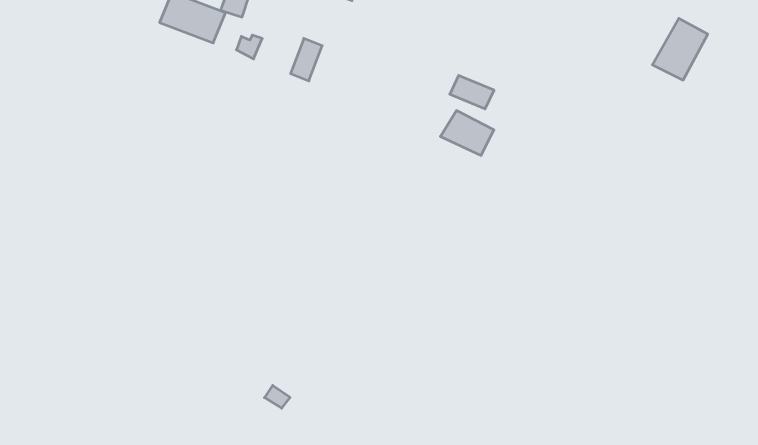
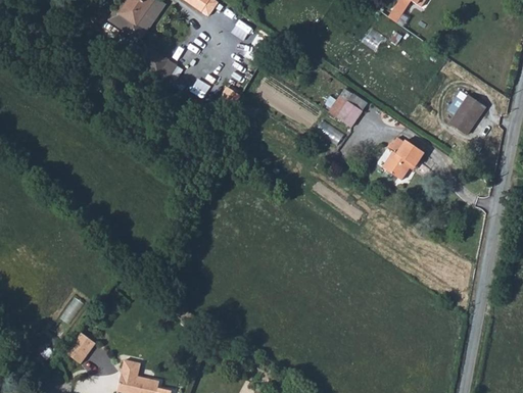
building: none -> [382,144,423,182]
building: [440,111,494,155] -> [327,98,362,129]

